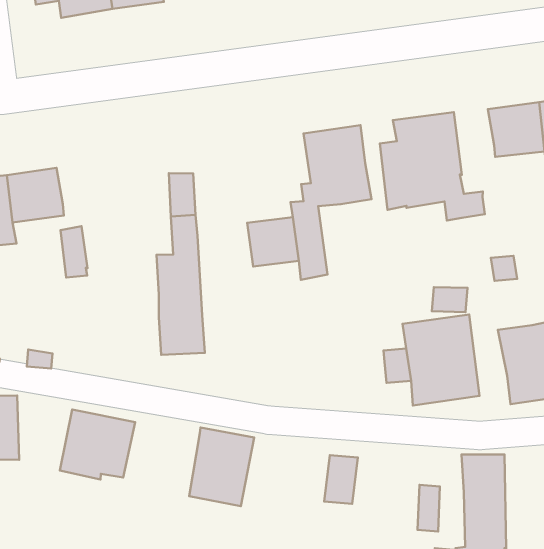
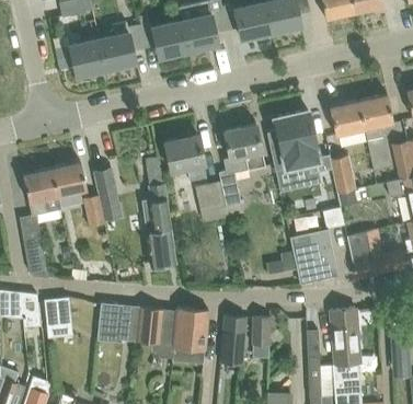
building: none -> [164,137,206,182]
building: none -> [96,170,121,220]
building: none -> [330,155,355,193]
building: none -> [134,308,176,359]
building: none -> [220,315,246,366]

